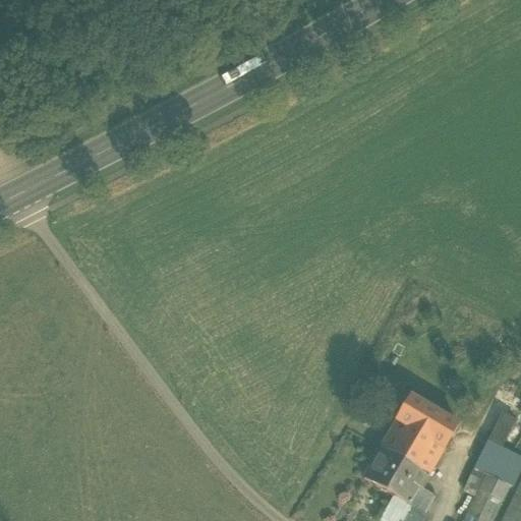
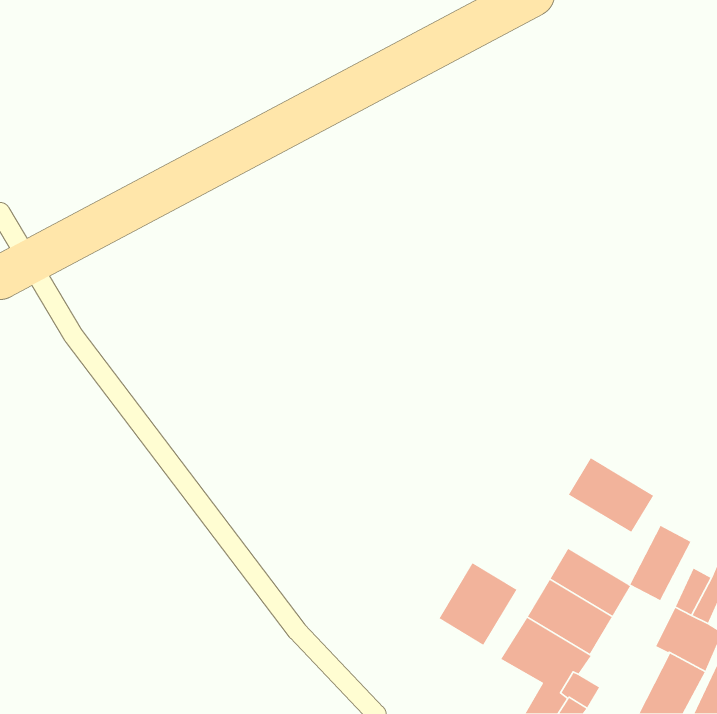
building: none -> [568,457,654,533]
building: none -> [629,525,691,601]
building: none -> [438,562,517,646]

